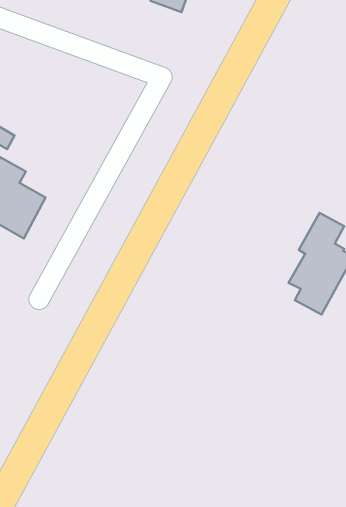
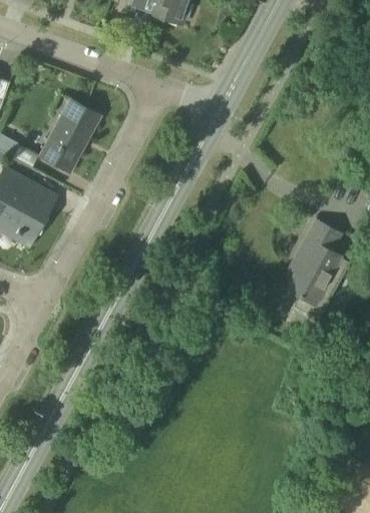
building: none -> [40,99,100,171]

